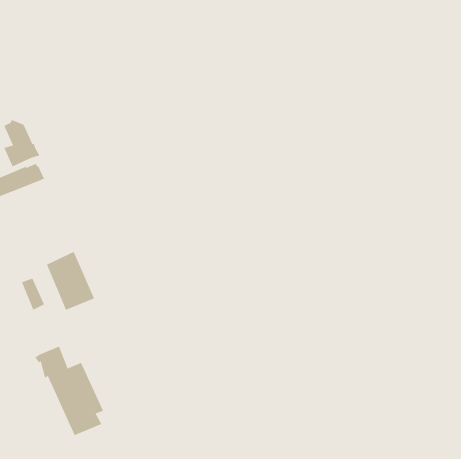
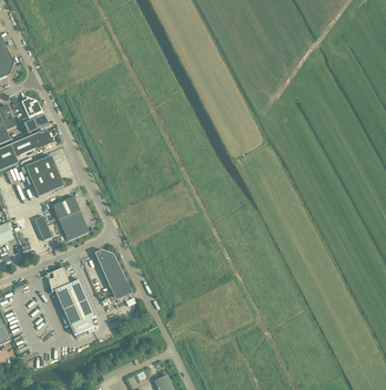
building: none -> [23,154,70,196]
building: none -> [94,249,126,287]

